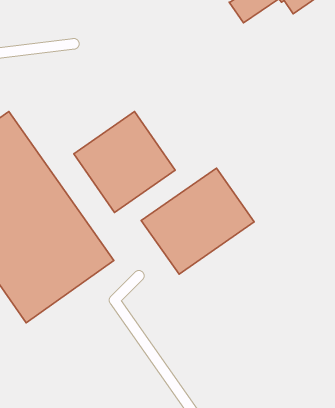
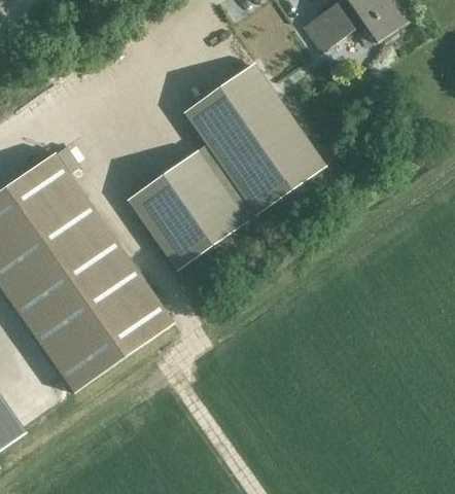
building: none -> [185,64,323,211]
building: [141,168,254,274] -> none

